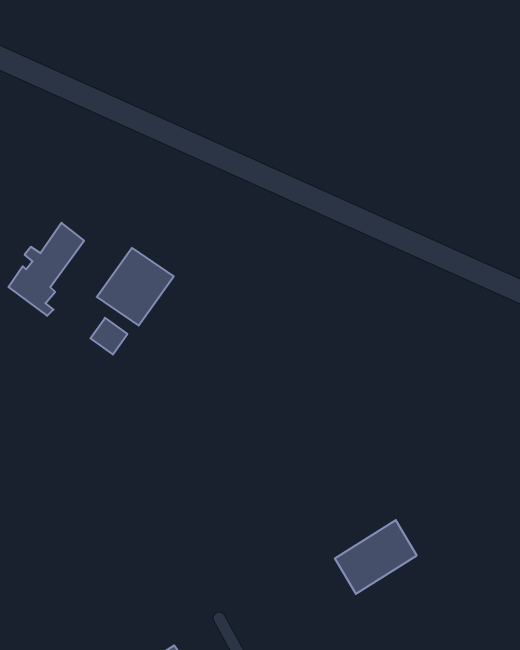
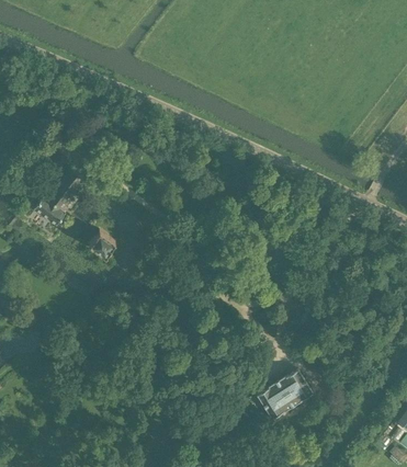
building: [97,248,174,326] -> none

